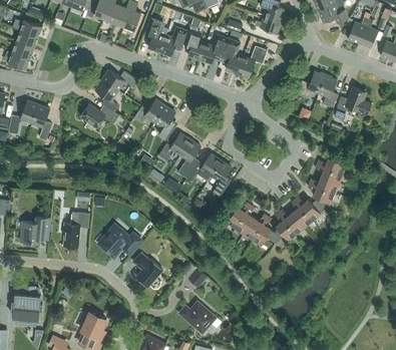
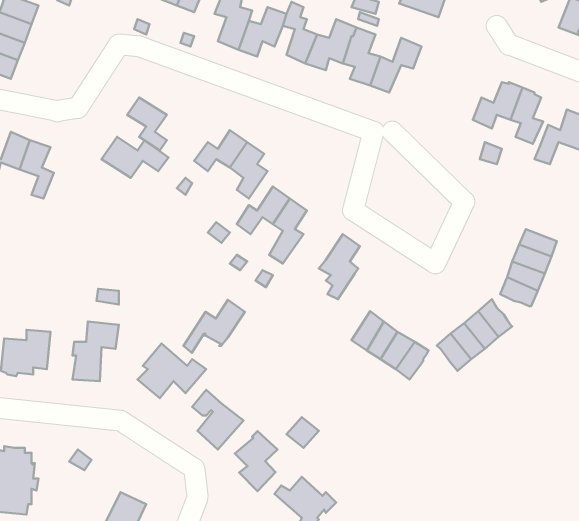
building: [102,69,138,90] -> none
building: [185,153,222,185] -> [183,300,245,353]
building: none -> [235,431,277,491]

